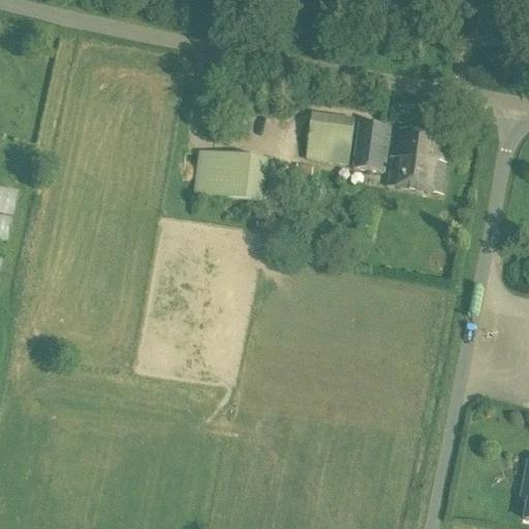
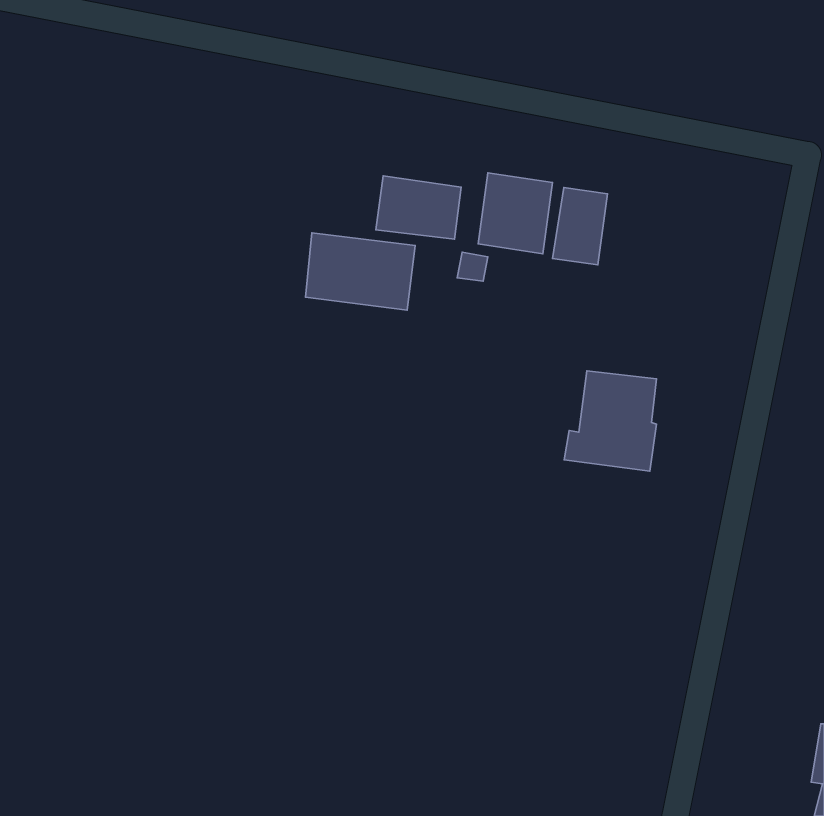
building: none -> [376,176,461,239]
building: [386,126,445,190] -> [564,371,656,471]

